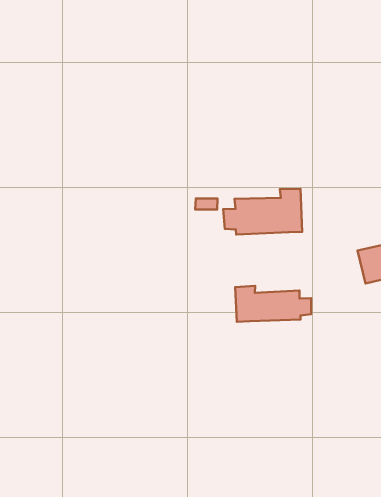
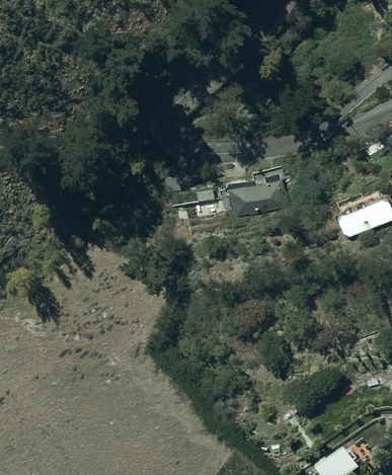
building: [235,286,311,322] -> none

